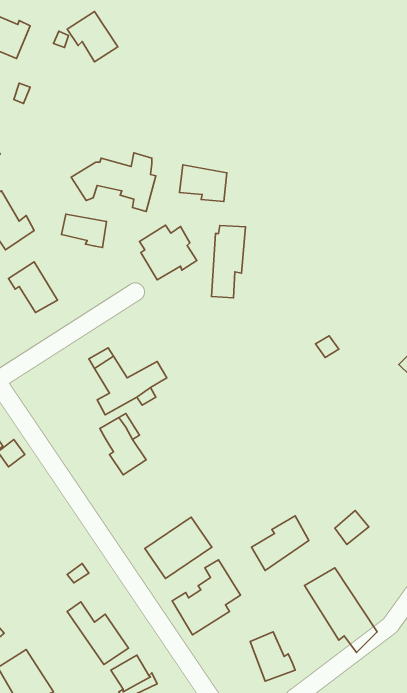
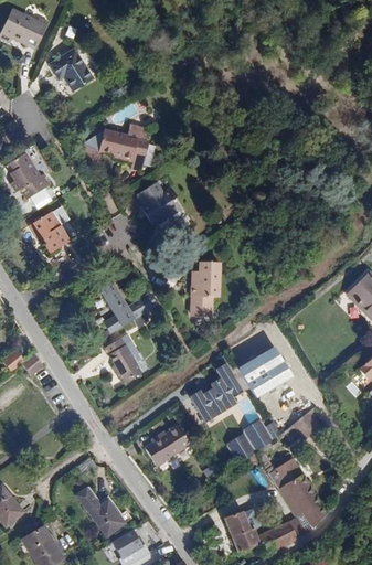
building: [67,11,118,62] -> [50,50,91,90]
building: [179,165,227,202] -> none
building: [62,214,107,248] -> none
building: [212,225,246,298] -> [195,258,223,317]
building: none -> [240,347,294,398]
building: [172,560,240,635] -> [190,362,245,423]
building: none -> [259,522,298,555]

